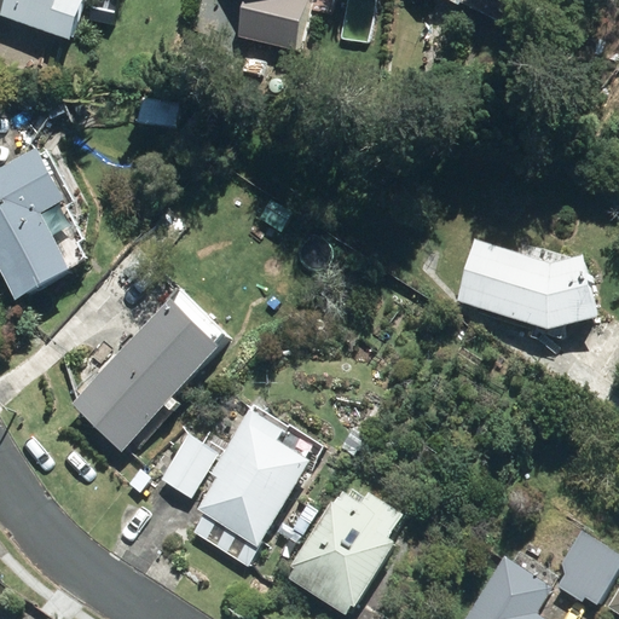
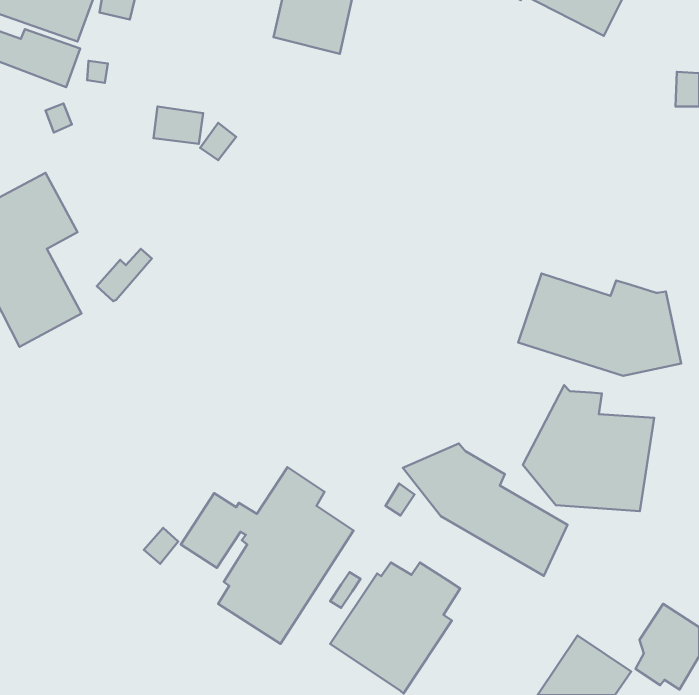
building: [73,289,225,450] -> none
building: none -> [523,385,654,511]
building: none -> [403,443,568,576]

